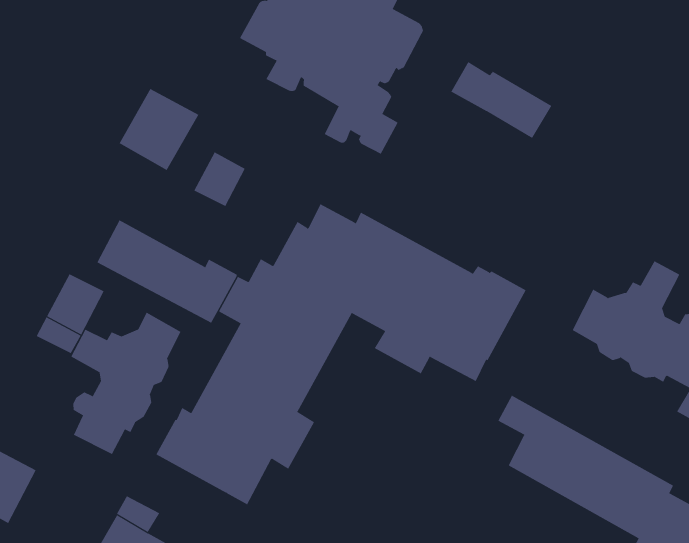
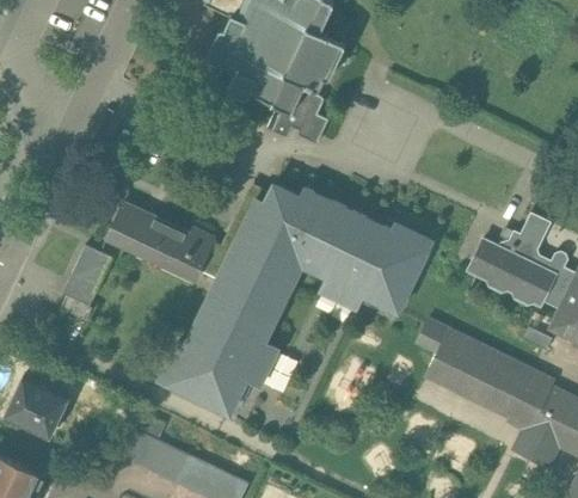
building: [450,61,552,139] -> none
building: [119,88,199,171] -> none
building: [194,152,245,207] -> none
building: [70,312,181,455] -> none

